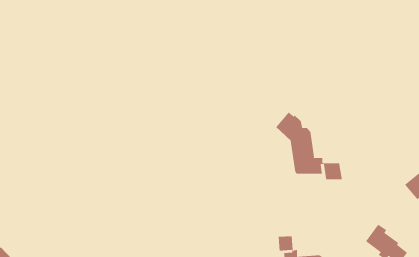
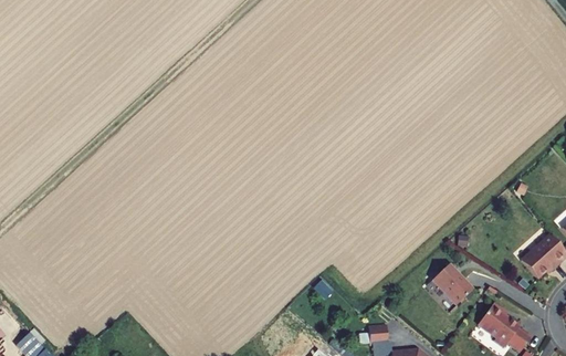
building: [276,112,342,180] -> none
building: none -> [429,262,470,303]

